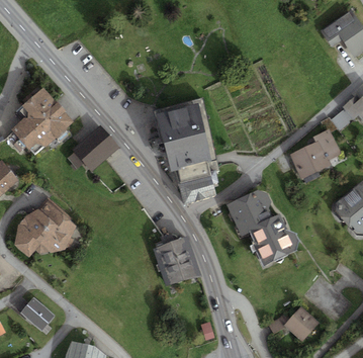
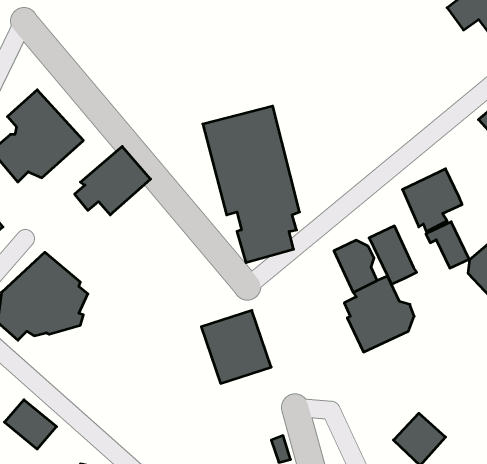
building: [311,128,341,160] -> [426,222,469,268]
building: [225,196,258,236] -> [369,226,417,284]

